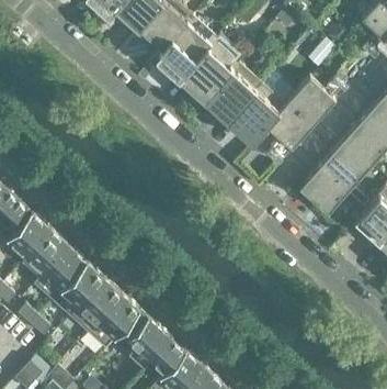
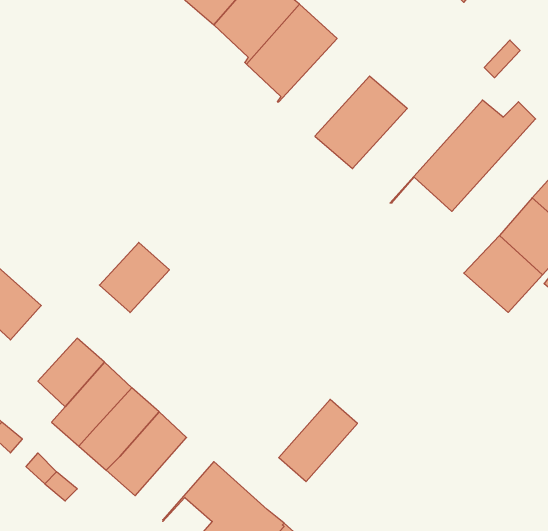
building: [180,38,238,101] -> none
building: [227,77,310,144] -> none
building: [5,213,50,258] -> [99,242,169,313]
building: [88,294,138,347] -> [279,399,357,482]

